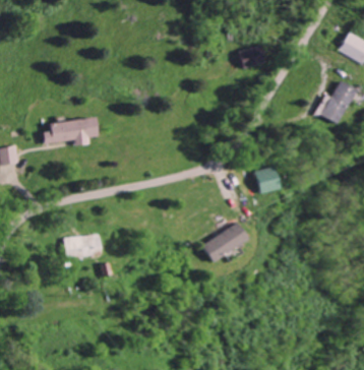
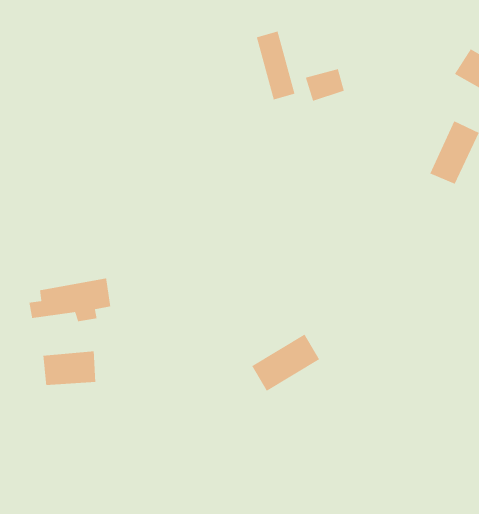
building: none -> [256,31,295,100]
building: [42,117,97,146] -> [28,278,111,322]
building: [255,168,280,192] -> none

